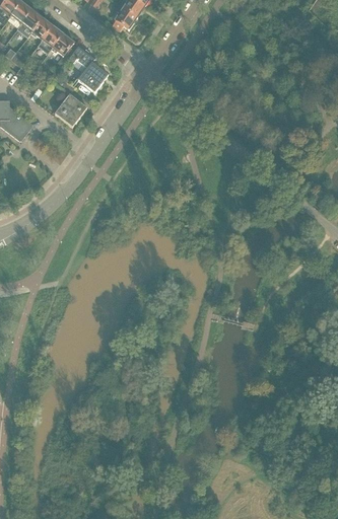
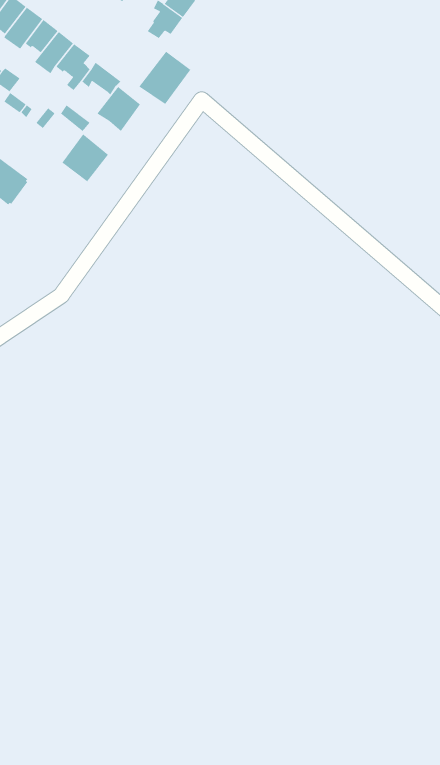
building: none -> [138,51,191,105]

